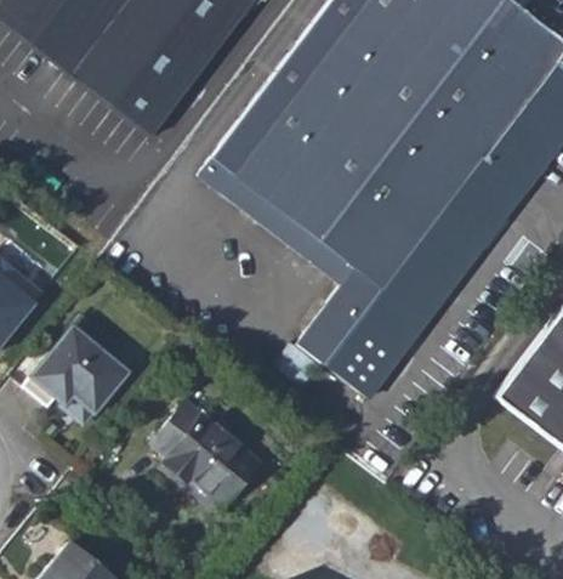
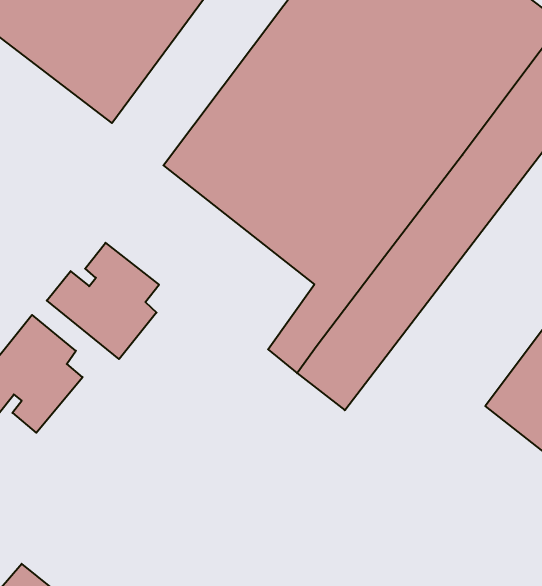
building: none -> [47,243,159,359]
building: [152,402,258,504] -> none

